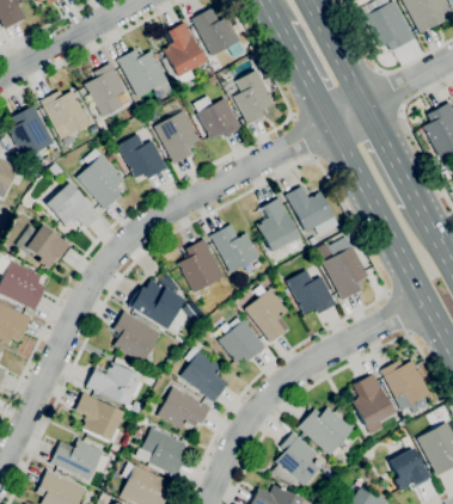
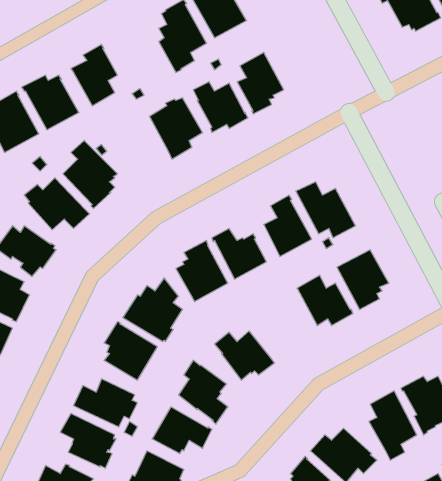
building: [117,49,169,97] -> none
building: [117,133,169,178] -> none
building: [245,284,288,343] -> none

